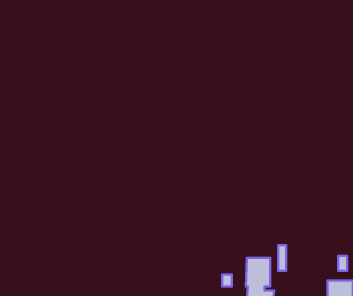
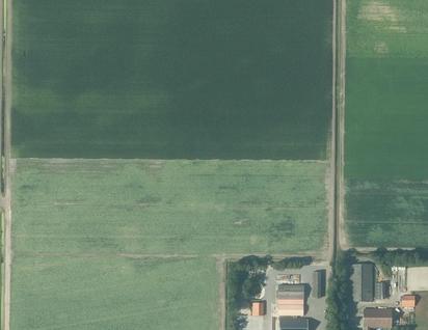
building: none -> [349,264,372,301]

